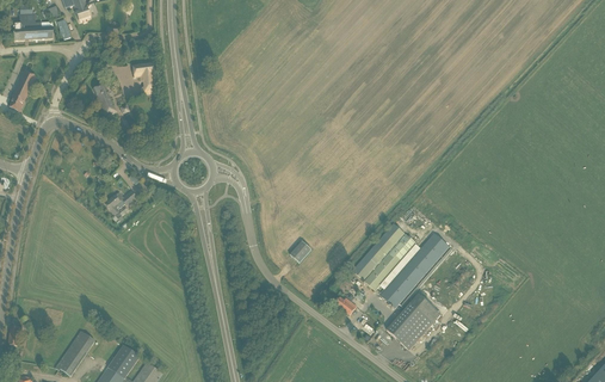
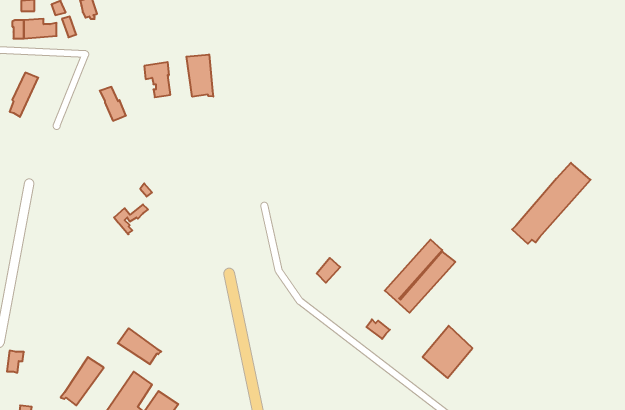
building: none -> [186,54,213,97]
building: [381,232,452,306] -> [512,163,591,244]
building: none -> [118,328,161,364]

